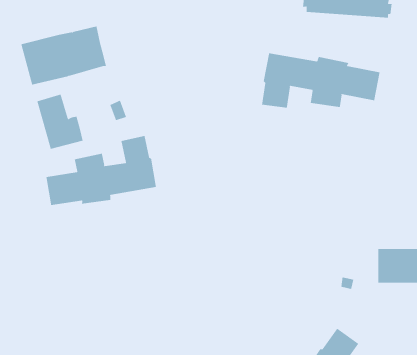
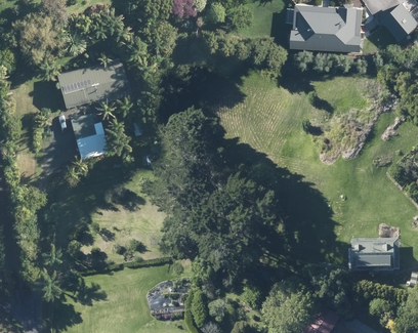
building: [261,52,380,109] -> none
building: [46,135,156,206] -> none

